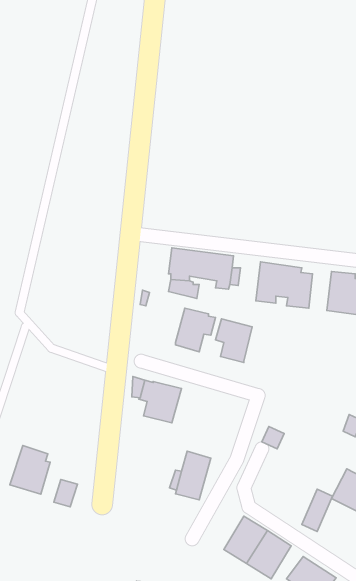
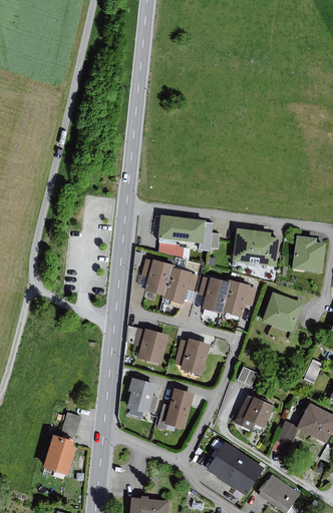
building: none -> [140,258,173,296]
building: none -> [222,280,257,317]
building: none -> [262,292,303,332]
building: none -> [174,338,211,375]
building: none -> [126,378,157,414]
building: [10,446,50,494] -> [42,434,76,475]
building: none -> [237,396,275,431]

